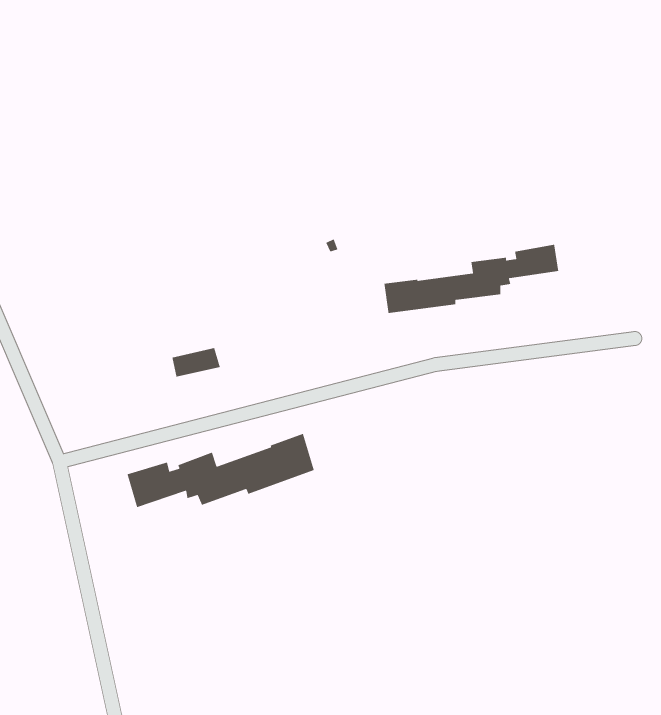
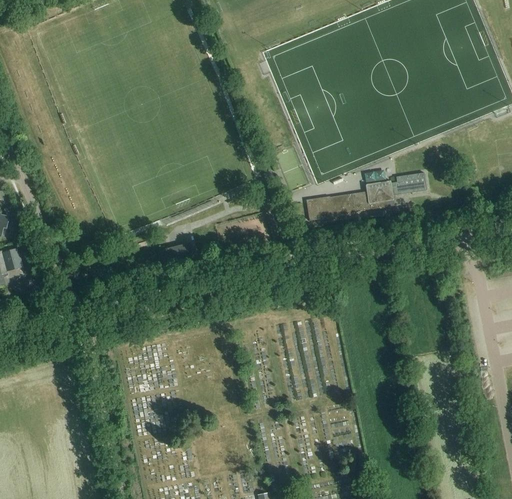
building: [126,433,315,508] -> none

